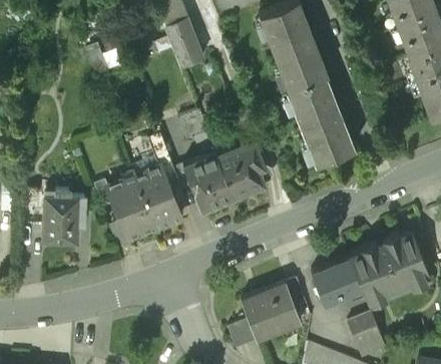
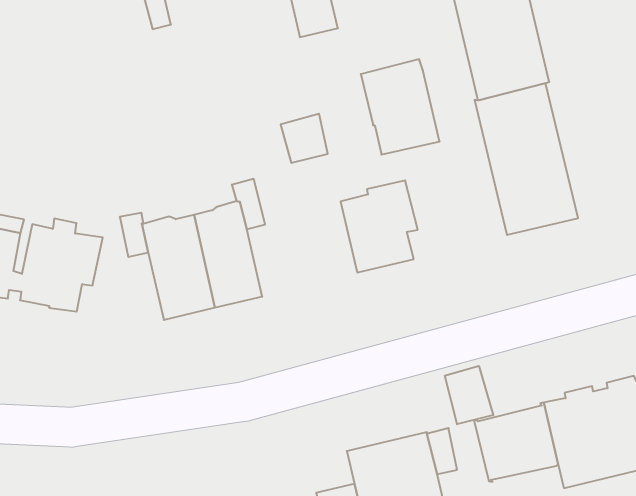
building: [182,153,233,211] -> [361,59,440,155]
building: none -> [445,366,493,424]

